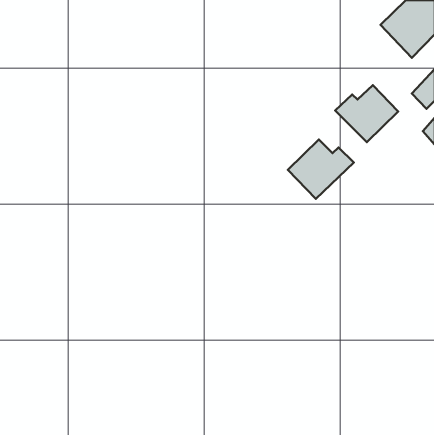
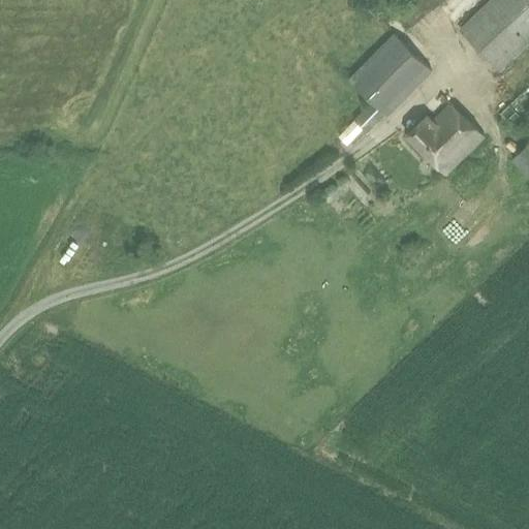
building: none -> [350,32,432,131]
building: [288,140,354,199] -> none

